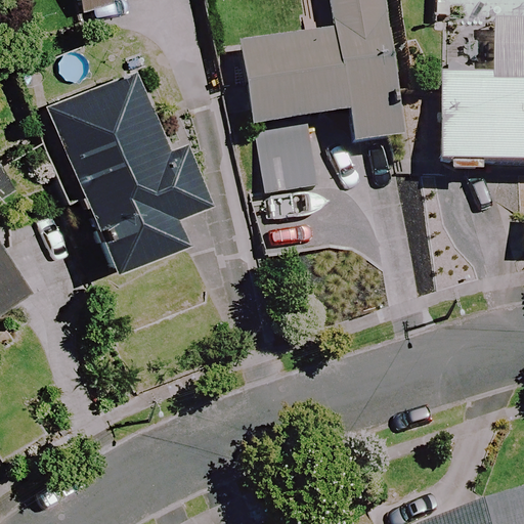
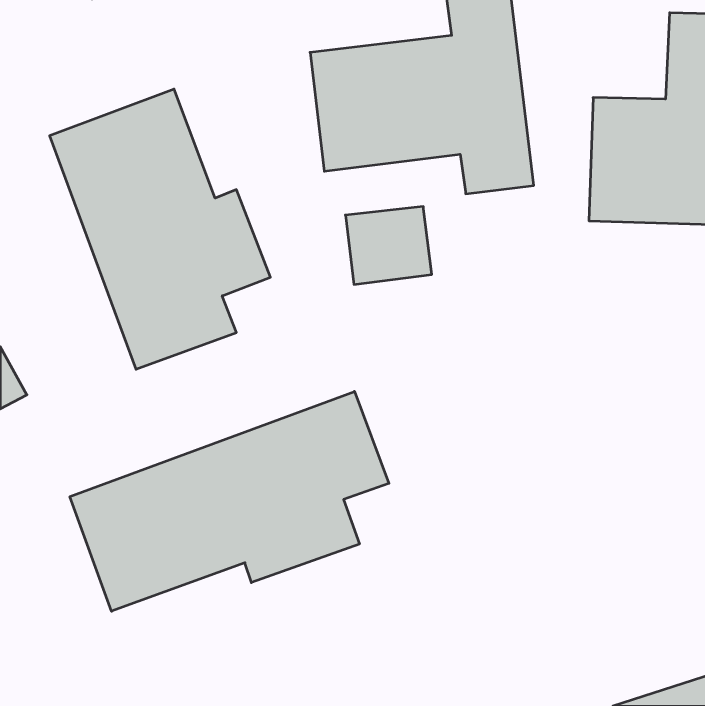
building: none -> [70,391,389,611]

